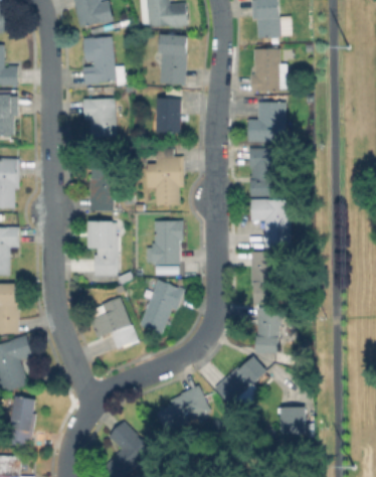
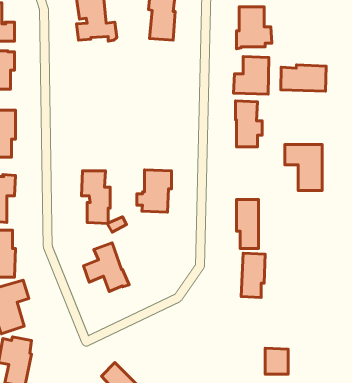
building: [84,99,116,136] -> none
building: [157,99,183,133] -> none
building: none -> [281,65,326,91]
building: [148,149,184,205] -> none
building: [89,156,115,211] -> none
building: [251,199,291,248] -> [285,145,322,191]
building: [140,280,185,334] -> none
building: [215,357,267,406] -> none
building: [156,384,211,434] -> none

